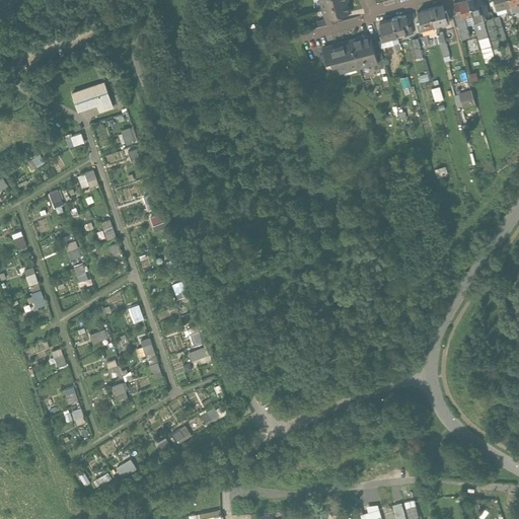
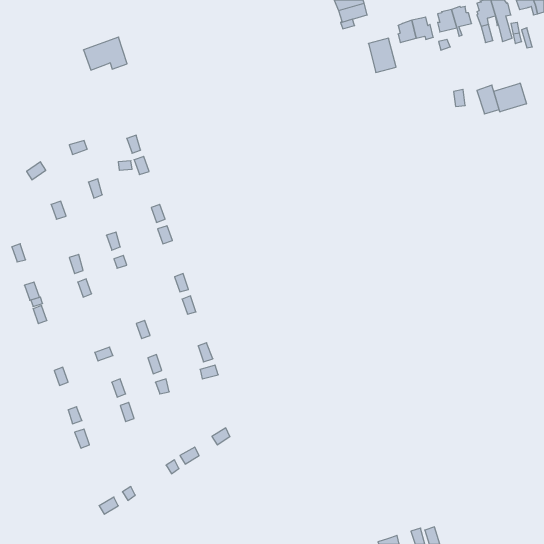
building: [322,42,358,74] -> none
building: none -> [494,83,526,112]
building: [71,82,113,114] -> [83,37,127,70]

